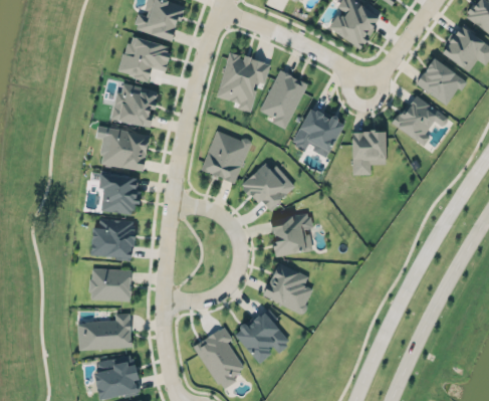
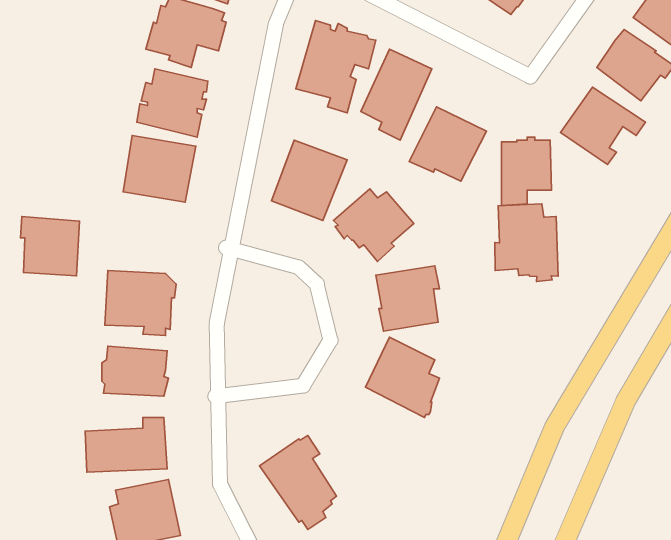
building: none -> [495,204,558,282]
building: [99,175,139,214] -> [20,217,79,276]
building: [236,310,287,363] -> none

